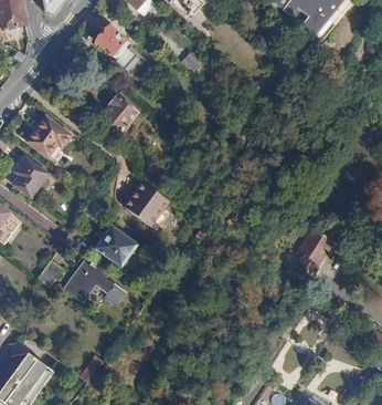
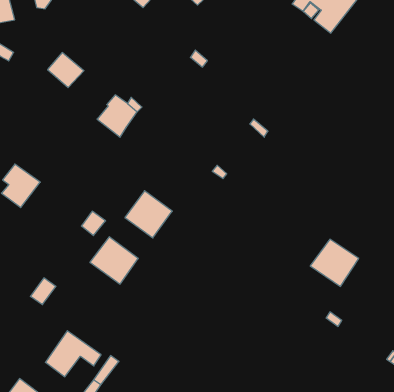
building: [95,25,128,58] -> [48,53,84,88]
building: [28,115,71,155] -> none
building: [64,259,115,301] -> [45,331,101,377]

